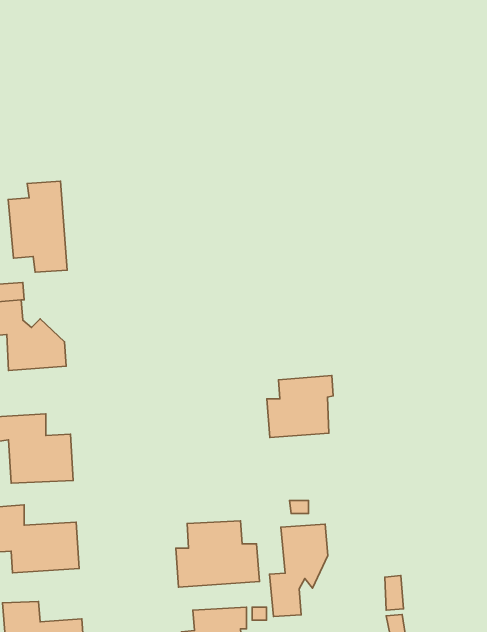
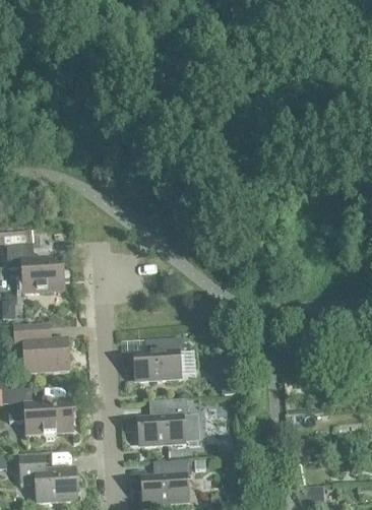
building: [8,181,67,272] -> none
building: [267,376,333,438] -> [136,336,183,380]
building: [270,524,328,616] -> none

